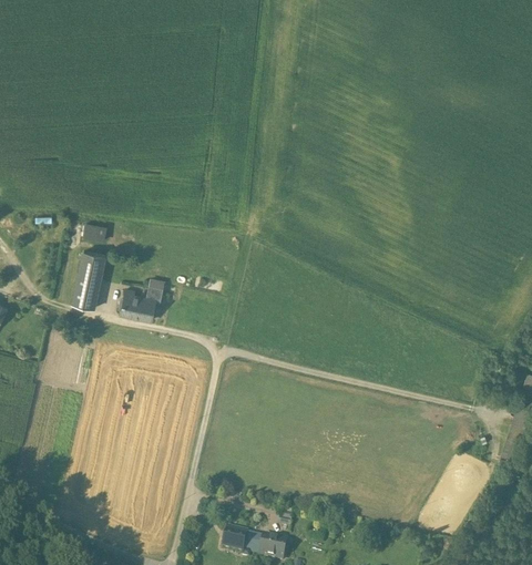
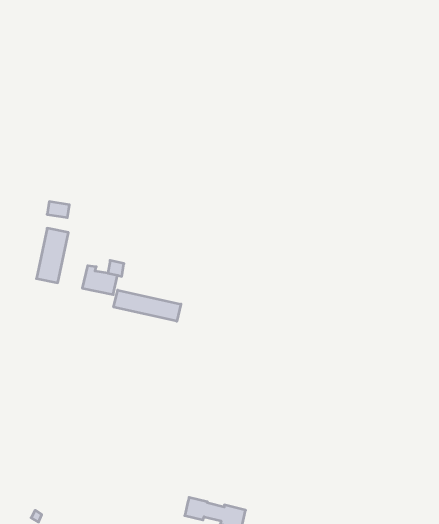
building: none -> [114,290,181,321]

